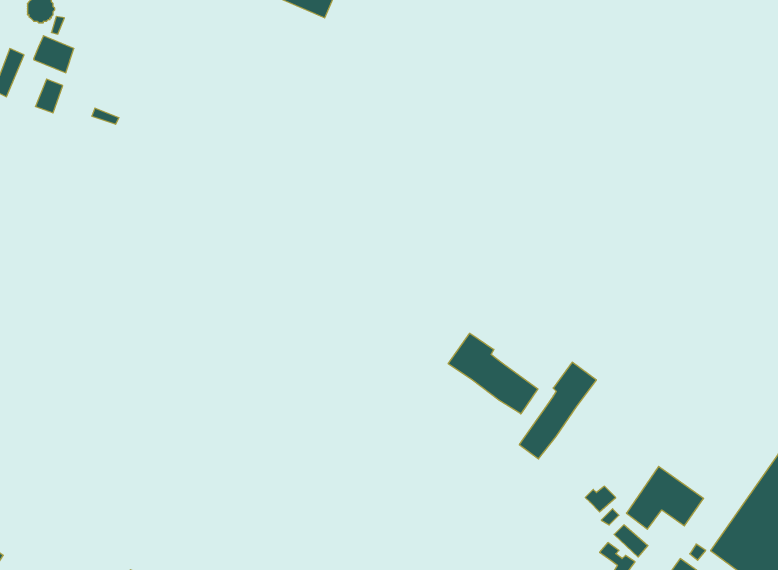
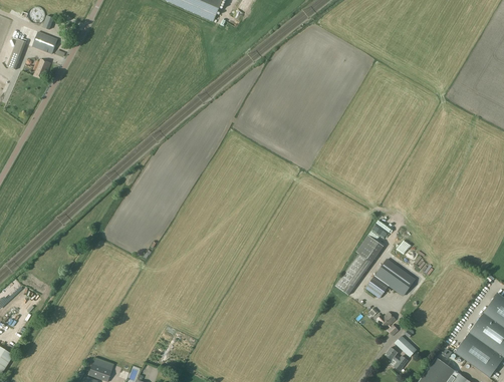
building: [448,333,538,414] -> none
building: [626,466,704,529] -> [366,259,415,298]

